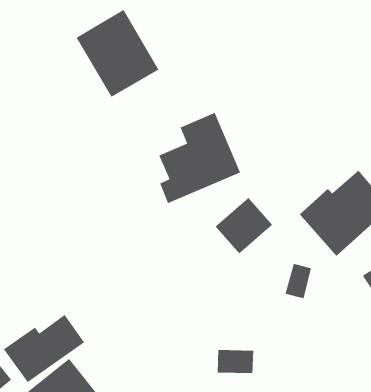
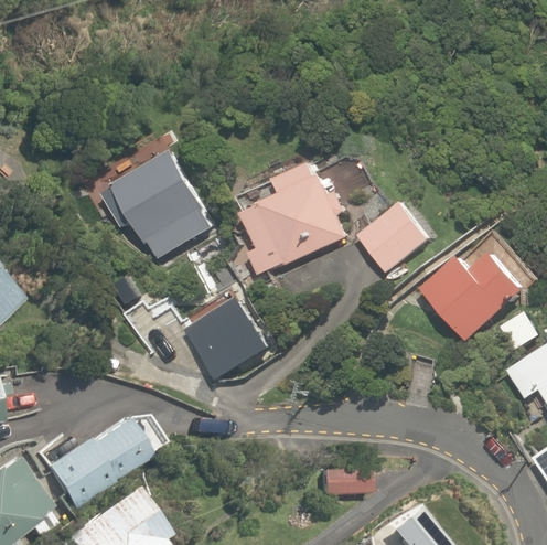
building: [75,9,159,98] -> [107,146,216,261]
building: [215,197,273,254] -> [353,200,429,275]
building: none -> [187,299,271,382]

